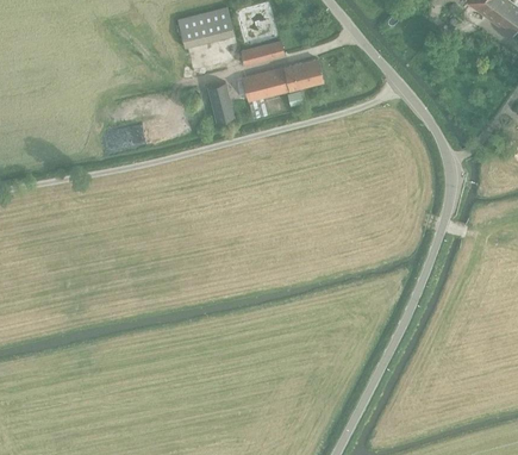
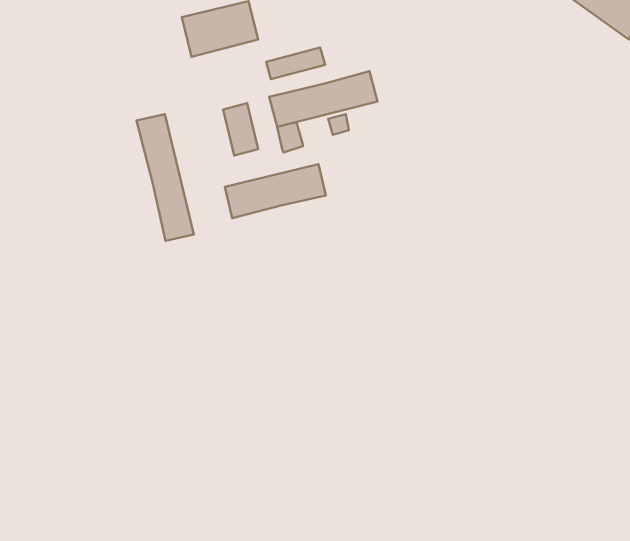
building: none -> [137,114,194,241]
building: none -> [225,164,326,218]

